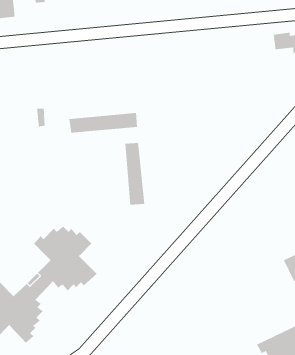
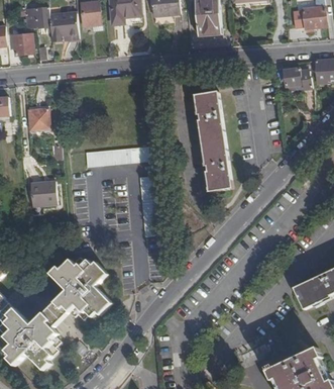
building: none -> [194,90,232,191]
building: none -> [27,107,48,129]
building: none -> [29,180,57,206]

